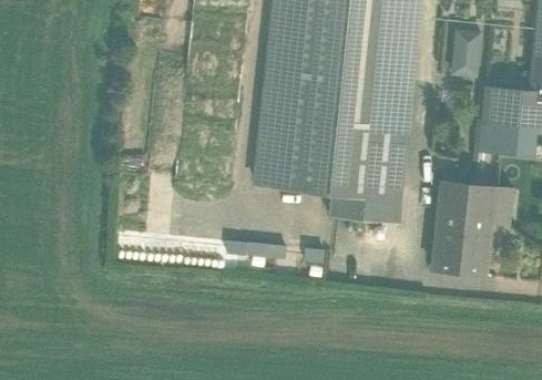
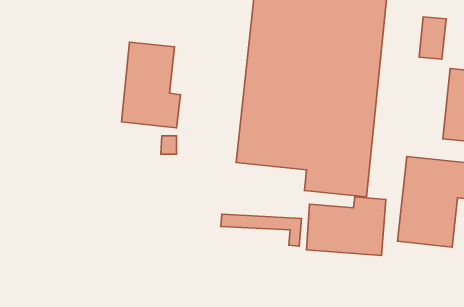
building: none -> [121,42,180,128]
building: none -> [306,197,386,255]

